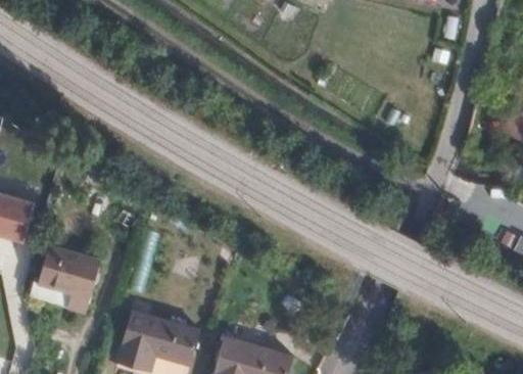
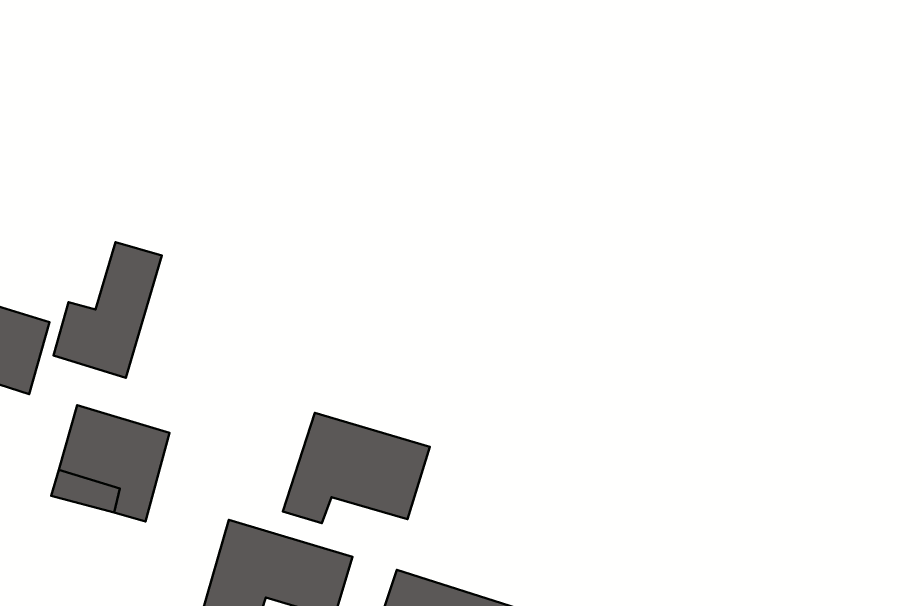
building: none -> [53,242,162,378]
building: none -> [283,413,430,523]

